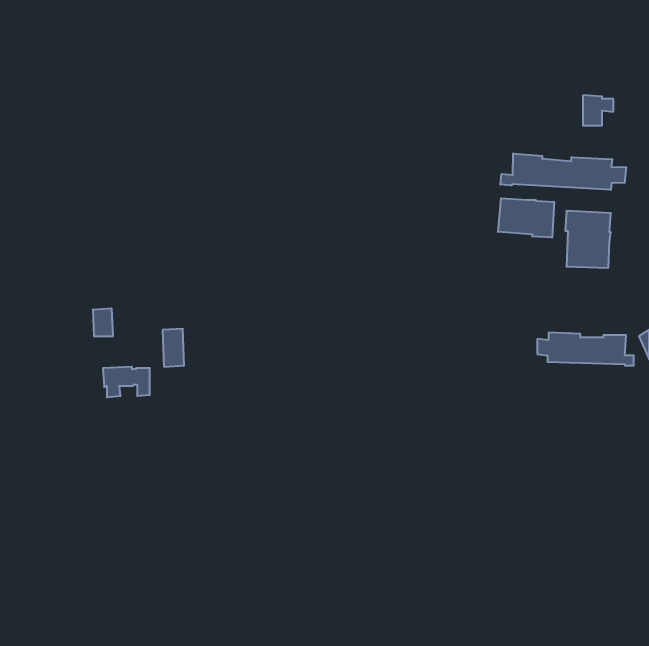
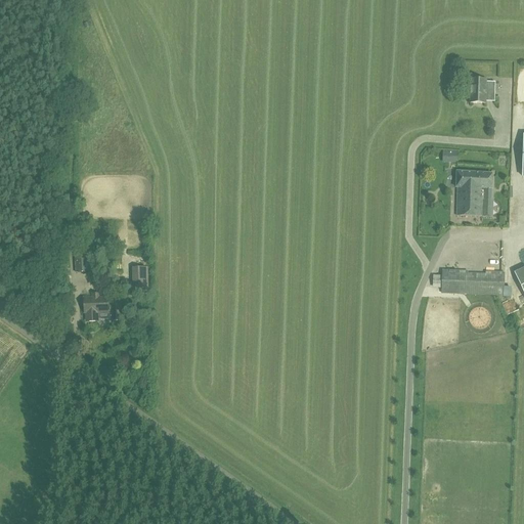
building: [500,153,626,190] -> none
building: [498,198,554,238] -> none

